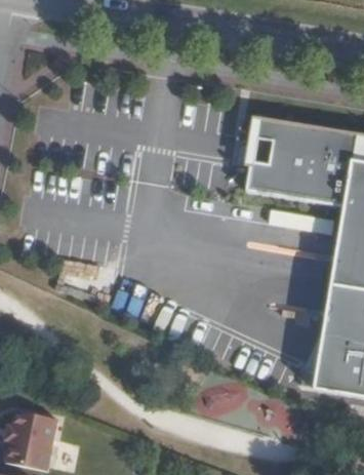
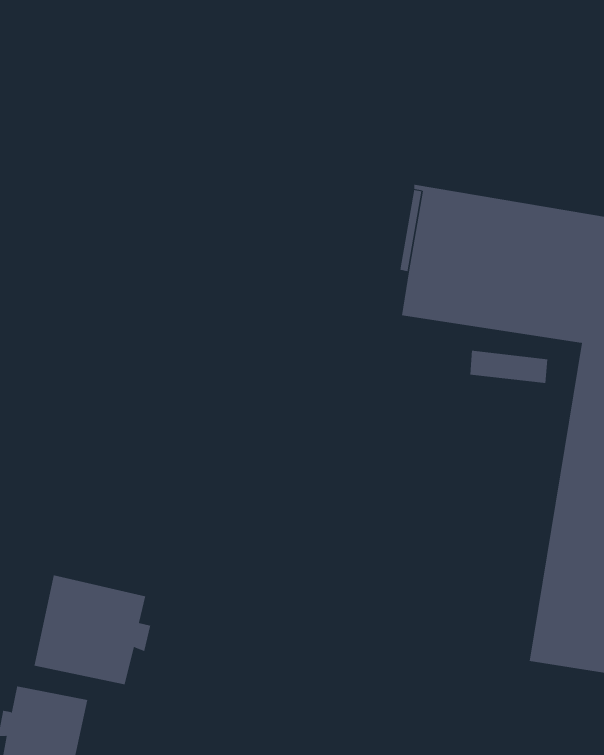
building: none -> [34,574,151,685]

